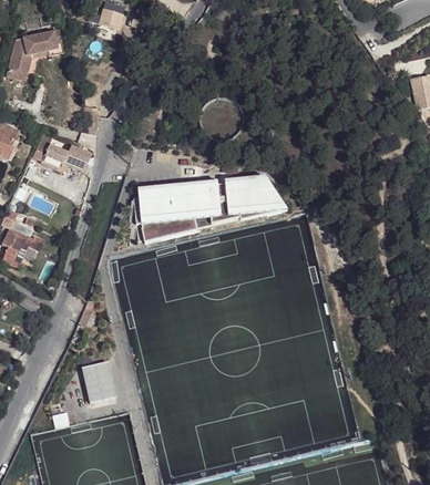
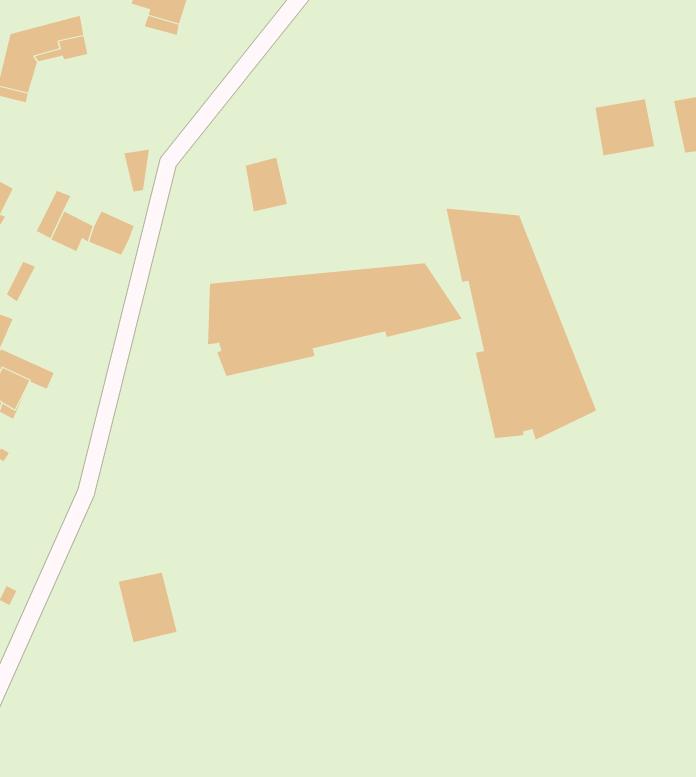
building: none -> [595,99,655,156]
building: none -> [245,157,288,212]
building: none -> [446,208,597,441]

